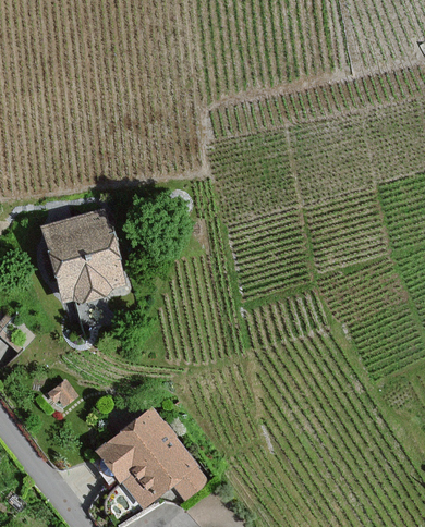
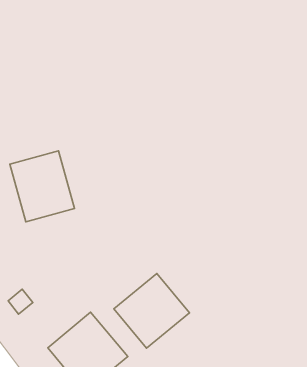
building: none -> [114,273,189,348]

